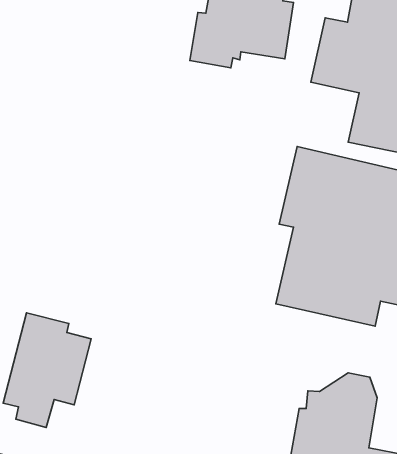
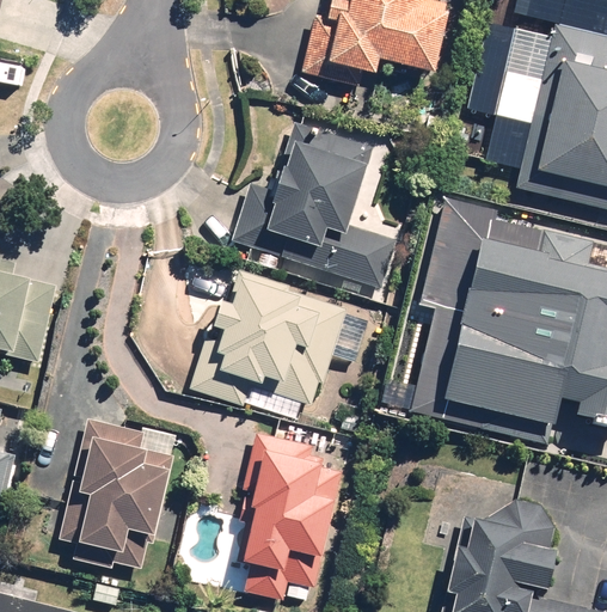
building: none -> [231,122,399,293]
building: none -> [190,274,349,418]
building: none -> [239,436,330,599]

